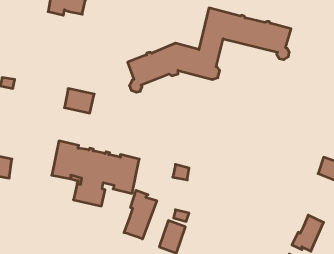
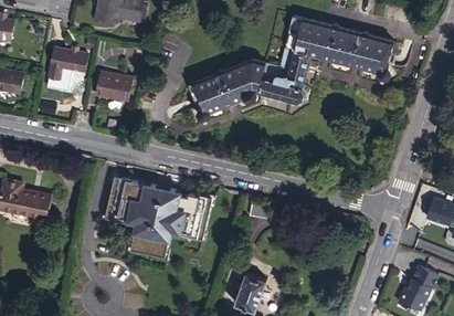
building: none -> [51,45,89,75]
building: [64,89,94,113] -> [98,71,135,101]
building: [124,190,157,239] -> none

